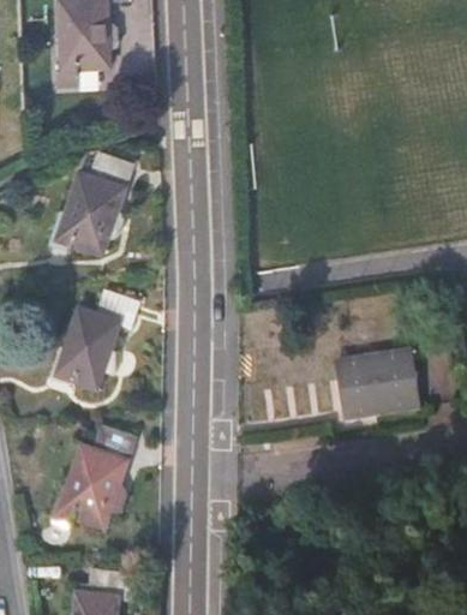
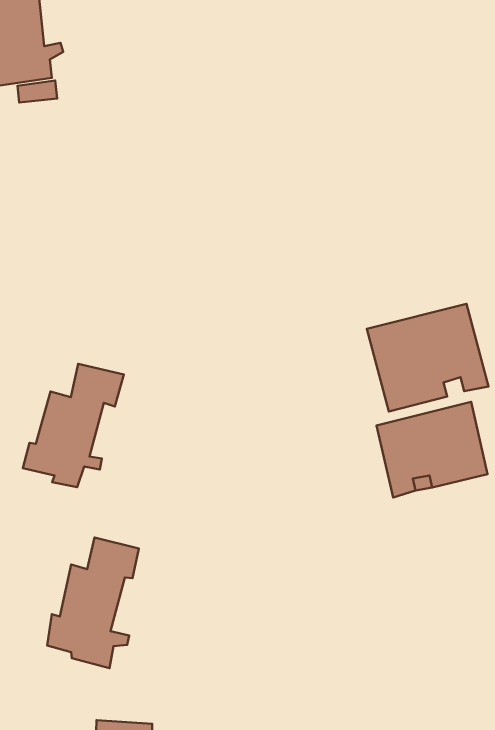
building: [55,153,133,255] -> none
building: none -> [367,304,489,411]

